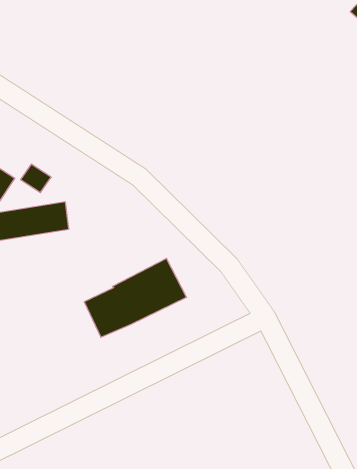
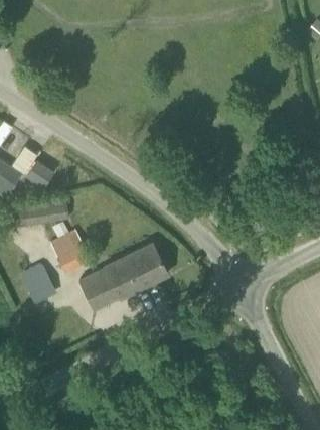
building: none -> [50,230,91,272]
building: none -> [22,266,55,300]

